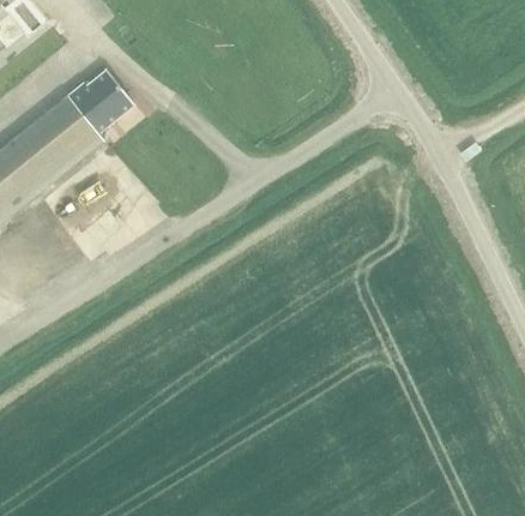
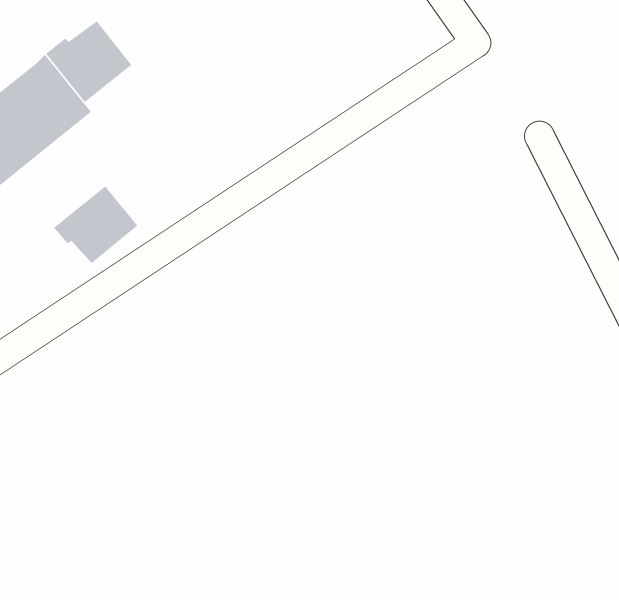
building: none -> [53,185,138,264]

